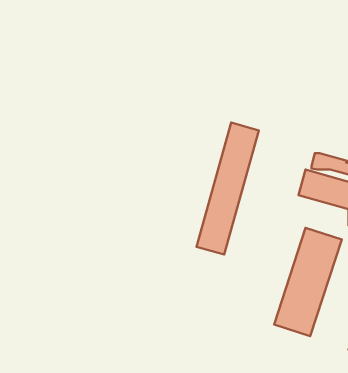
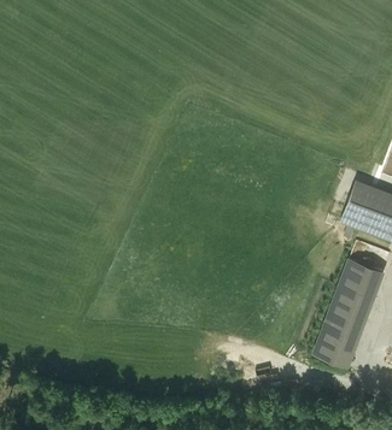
building: [196,123,259,255] -> none

